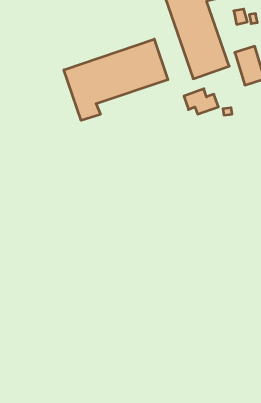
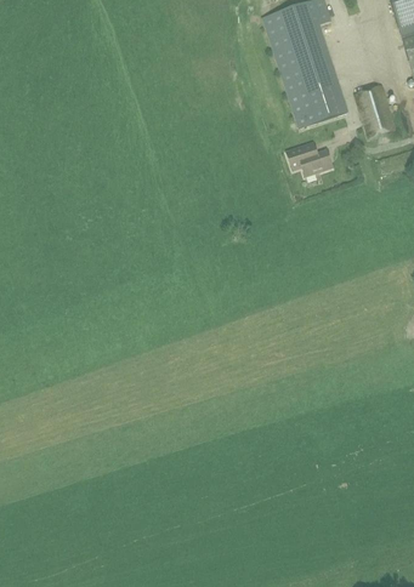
building: [64,39,168,120] -> none

